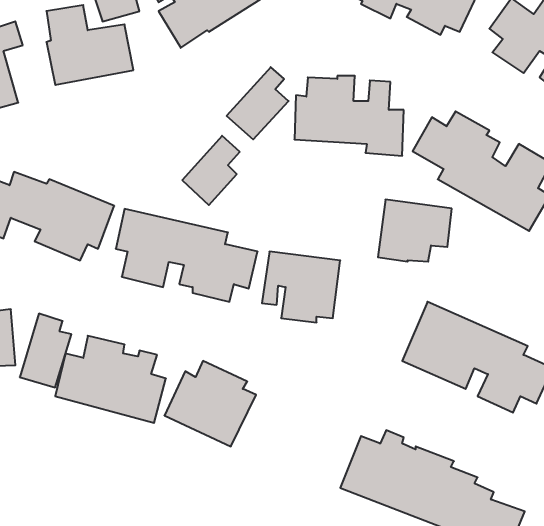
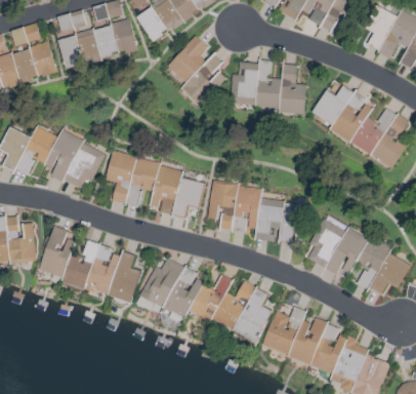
building: none -> [113,18,137,54]
building: none -> [32,42,55,77]
building: [182,136,240,205] -> [167,35,207,83]
building: [378,200,452,262] -> [256,199,307,242]
building: none -> [191,275,271,341]

